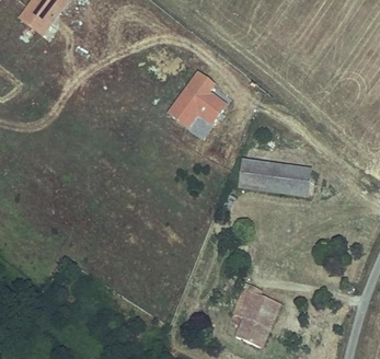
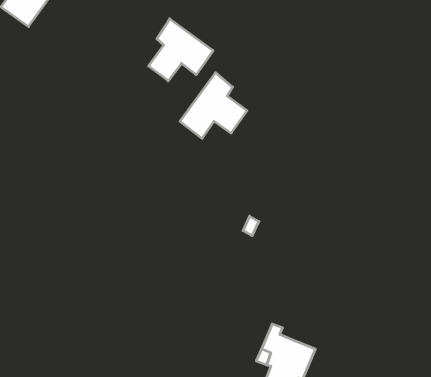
building: none -> [149,19,213,81]
building: [239,159,310,196] -> none

